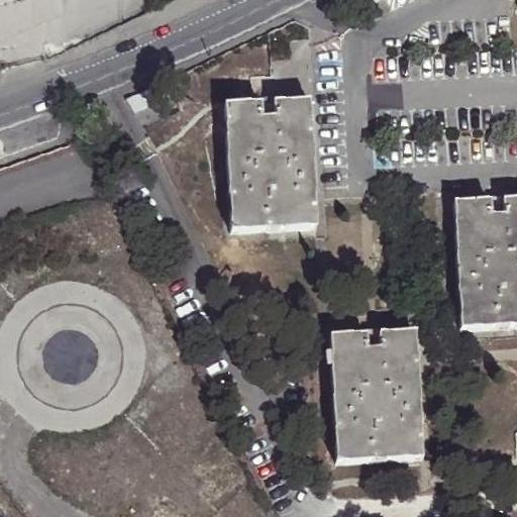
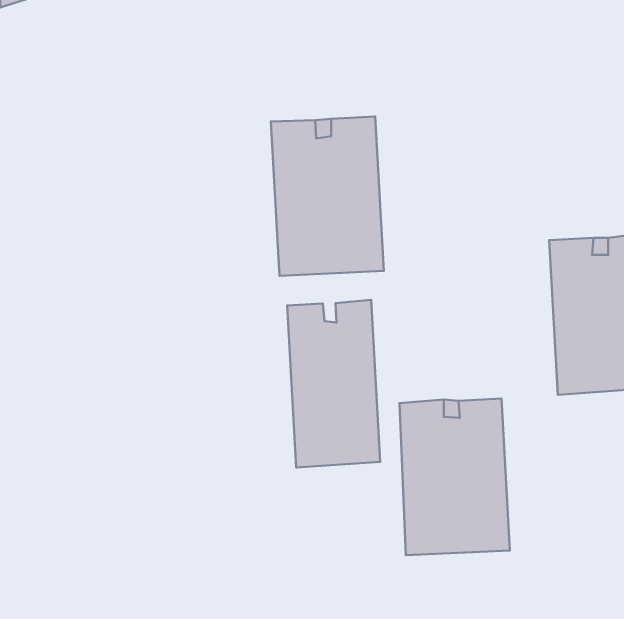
building: none -> [287,300,380,467]

